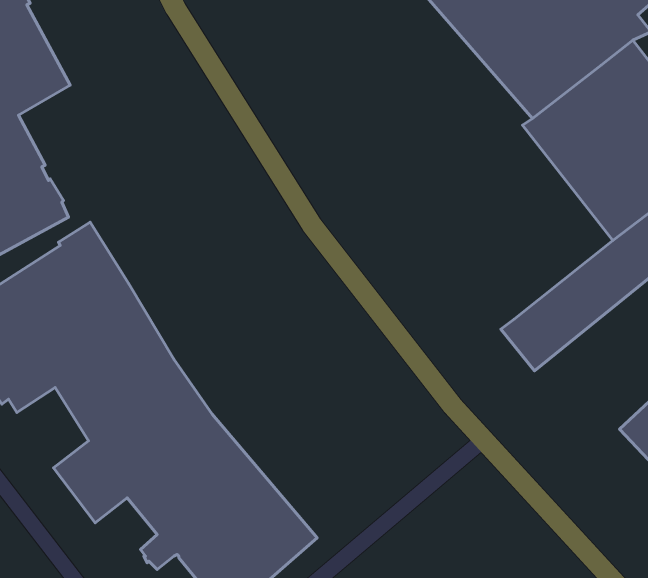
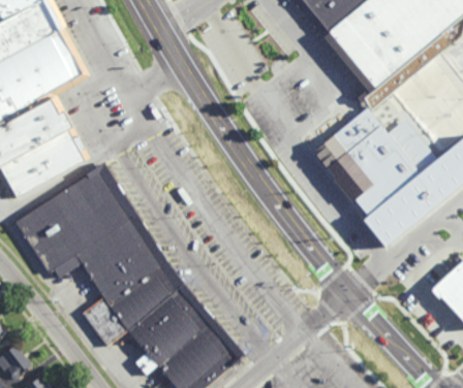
building: none -> [311,101,427,221]

